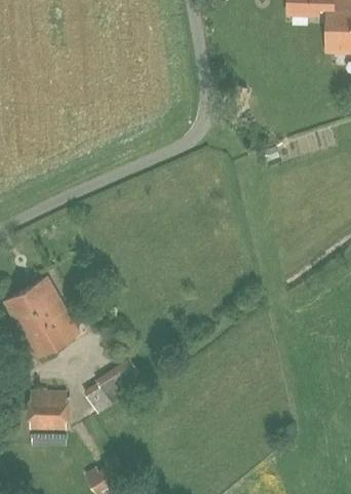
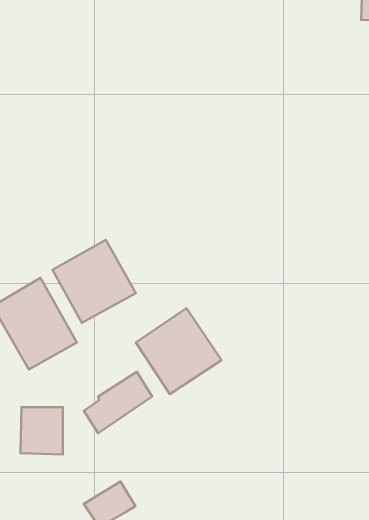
building: none -> [53,240,136,323]
building: none -> [136,308,222,394]

